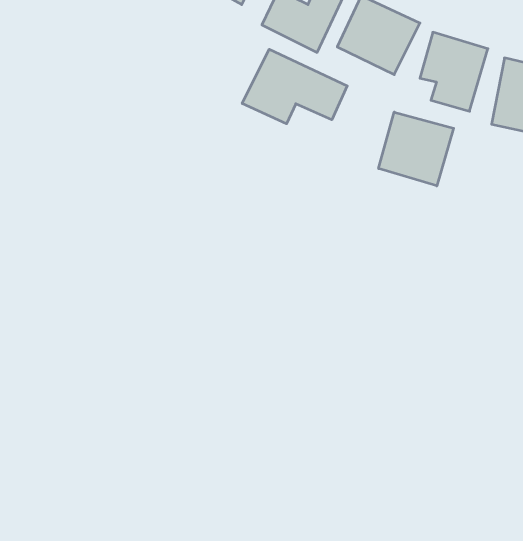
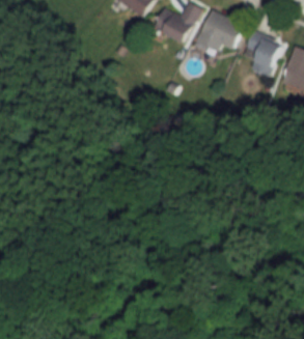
building: [242,49,347,124] -> none
building: [379,112,454,186] -> none

